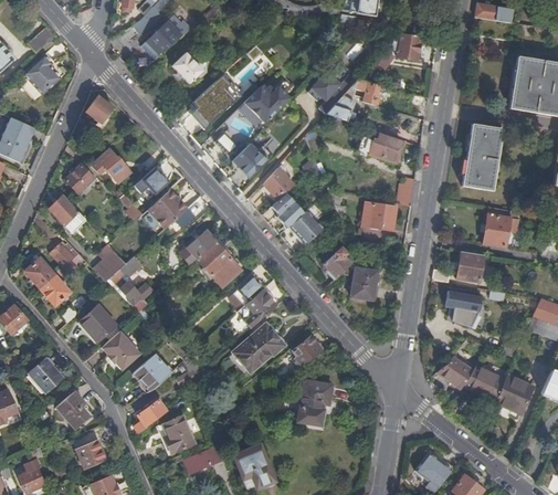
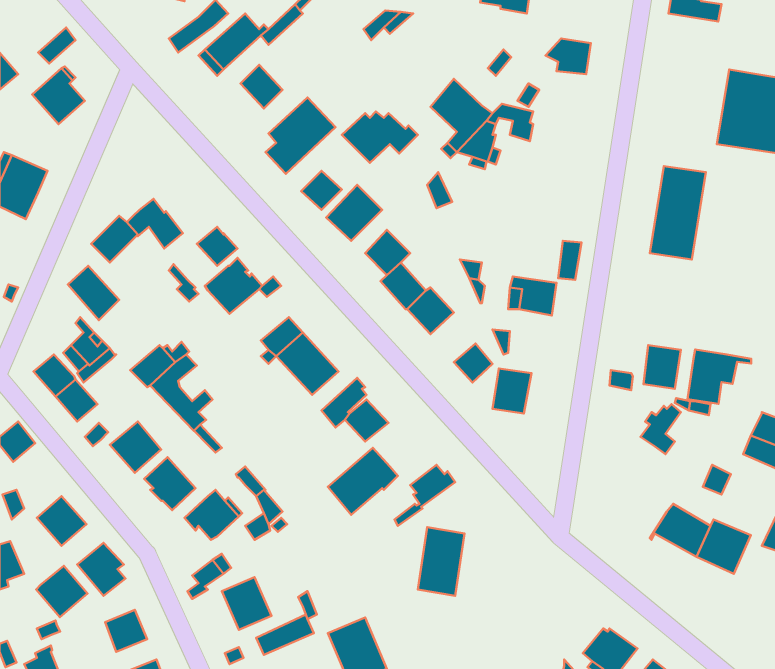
building: [86,96,113,130] -> none
building: [357,131,400,162] -> none
building: [484,207,529,245] -> [687,350,751,404]
building: [438,356,474,388] -> none
building: none -> [36,566,87,617]

